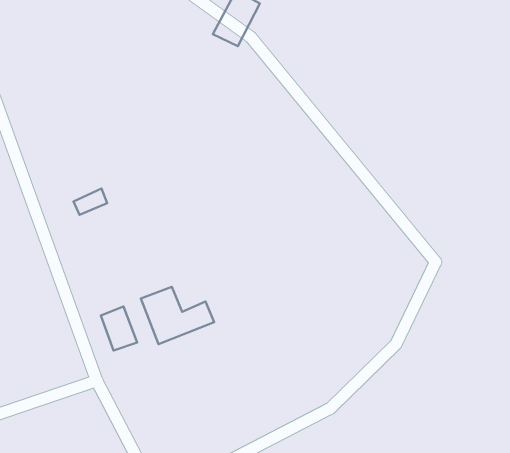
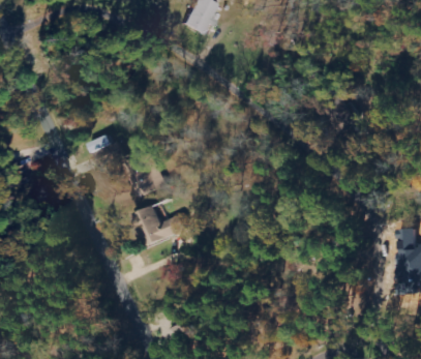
building: [101,306,137,350] -> none

